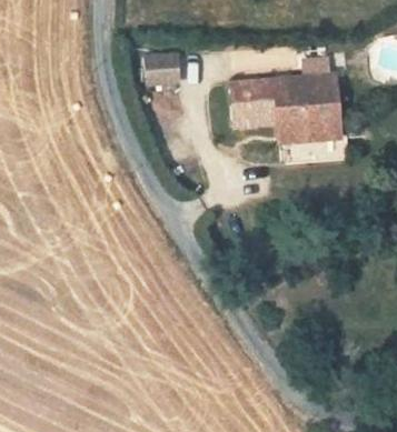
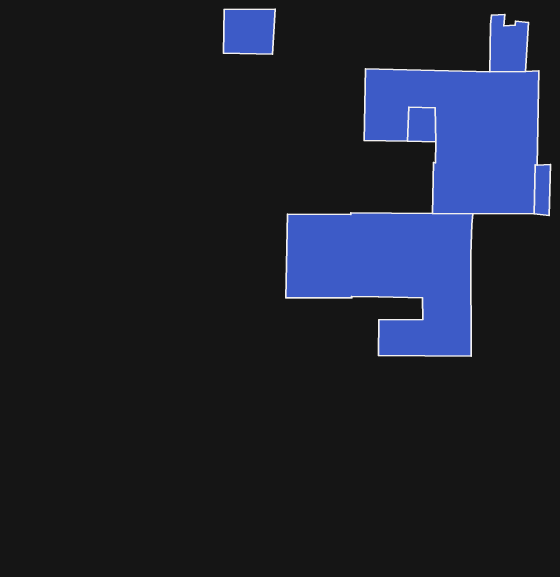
building: none -> [286,213,473,356]

